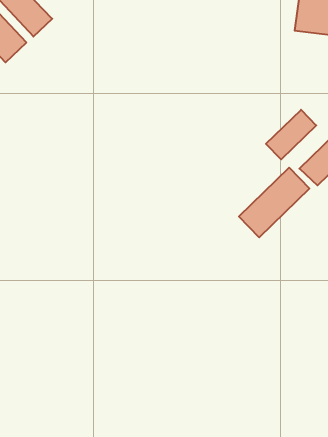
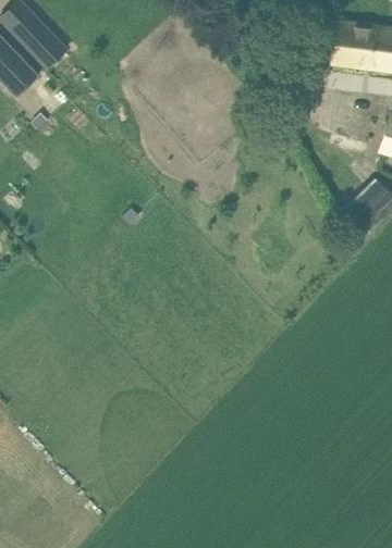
building: [266,110,316,159] -> none
building: [239,168,309,237] -> none

